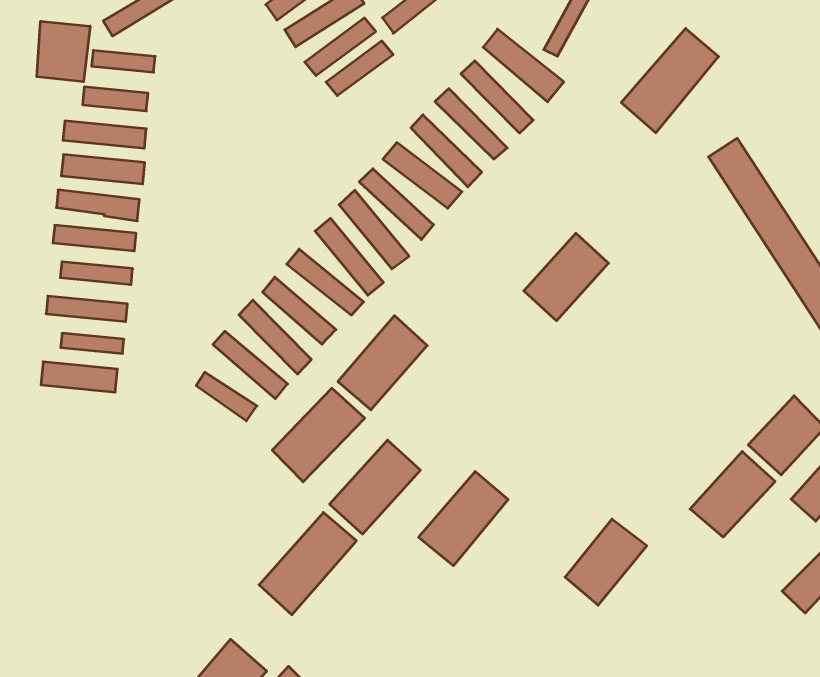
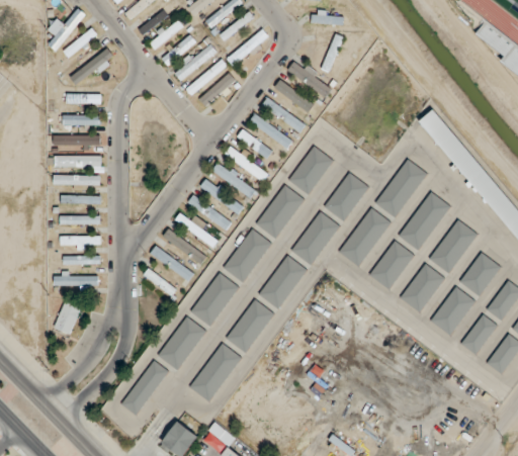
building: [37,21,90,82] -> none
building: [621,28,719,133] -> [374,158,427,218]
building: none -> [287,145,334,195]
building: none -> [255,184,304,239]
building: none -> [398,190,451,251]
building: none -> [290,210,340,265]
building: none -> [338,206,392,267]
building: none -> [428,218,478,273]
building: none -> [368,240,414,289]
building: none -> [54,301,81,336]
building: none -> [157,315,206,370]
building: [419,471,508,566] -> [258,255,307,309]
building: none -> [459,313,498,355]
building: [565,519,647,605] -> [400,263,444,312]
building: none -> [119,360,169,415]

